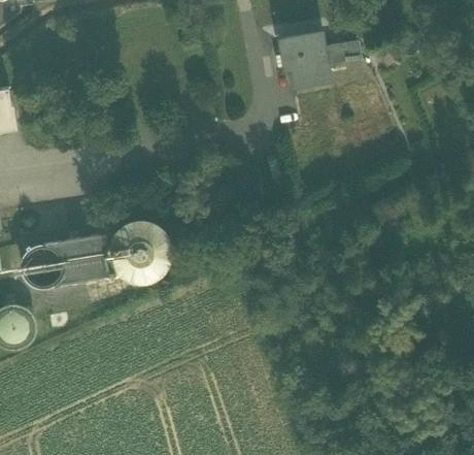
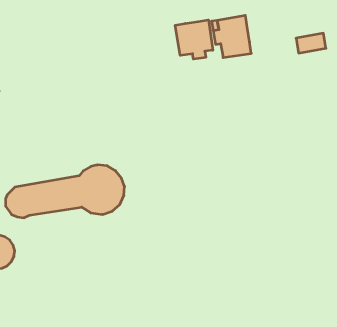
building: none -> [175,20,213,59]
building: [317,40,354,65] -> [296,33,326,53]

